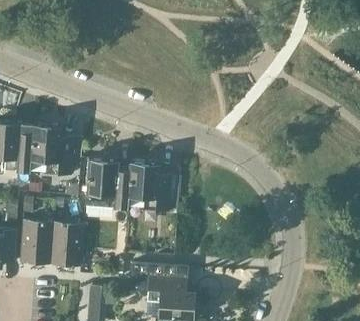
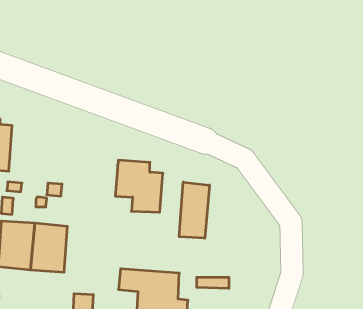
building: [29,126,73,177] -> none
building: [84,160,128,209] -> none
building: none -> [179,182,209,238]

